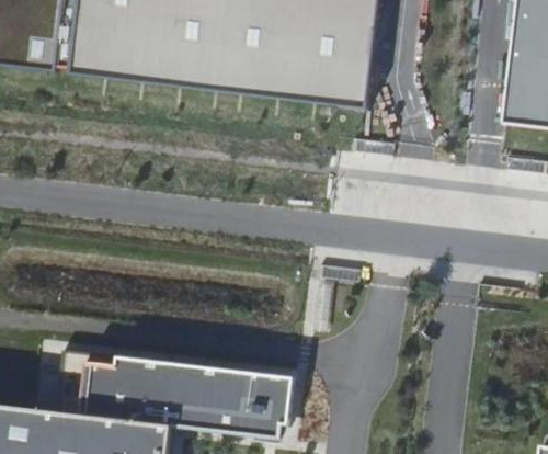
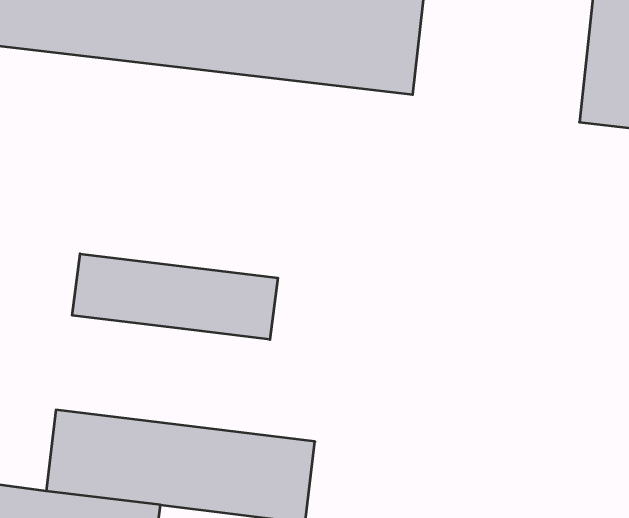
building: none -> [72,254,278,340]

